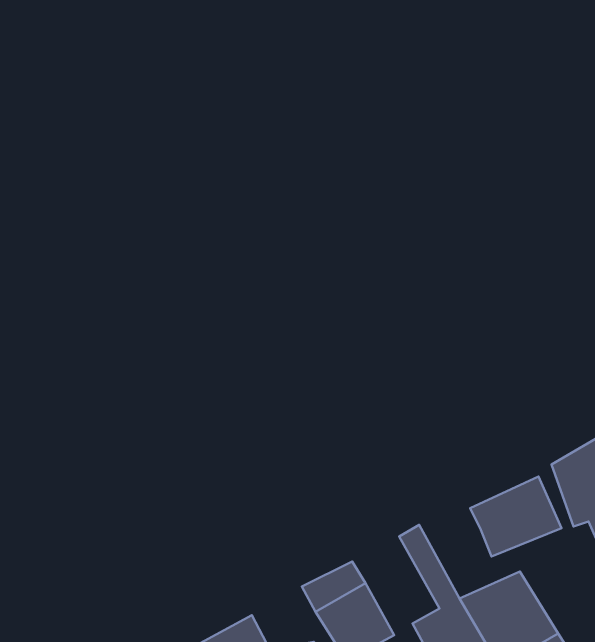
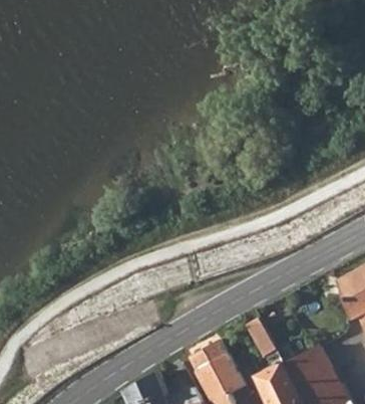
building: [470,477,562,556] -> none

